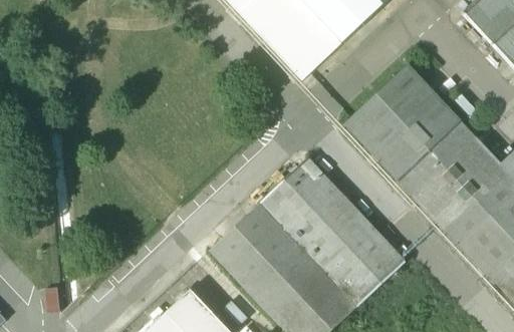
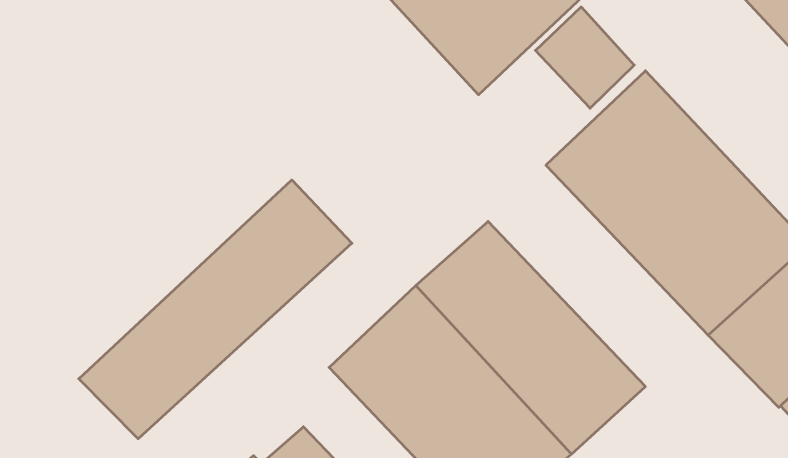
building: none -> [535,7,634,108]
building: none -> [79,180,352,439]

